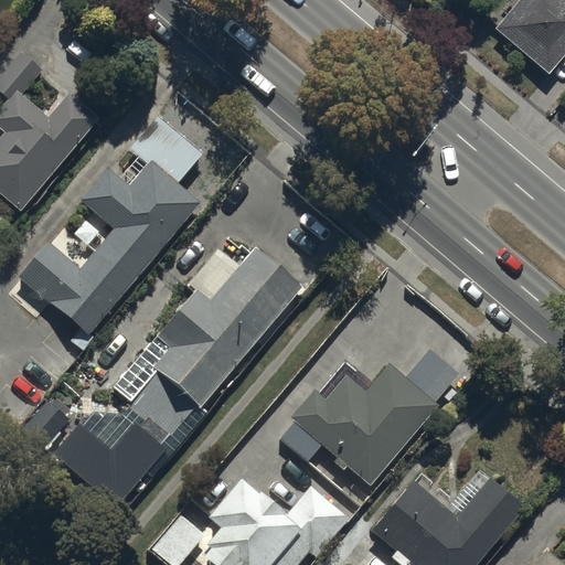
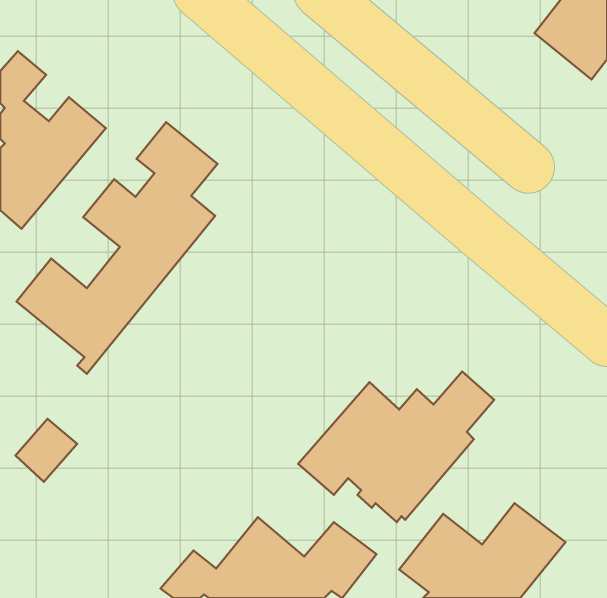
building: [52,248,299,508] -> none

